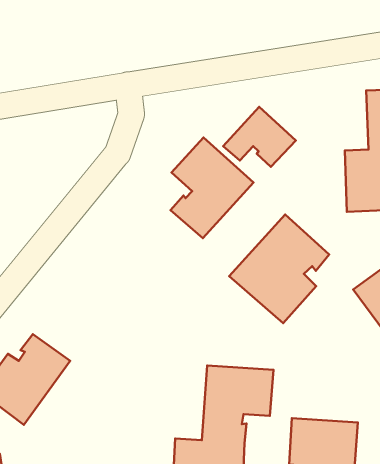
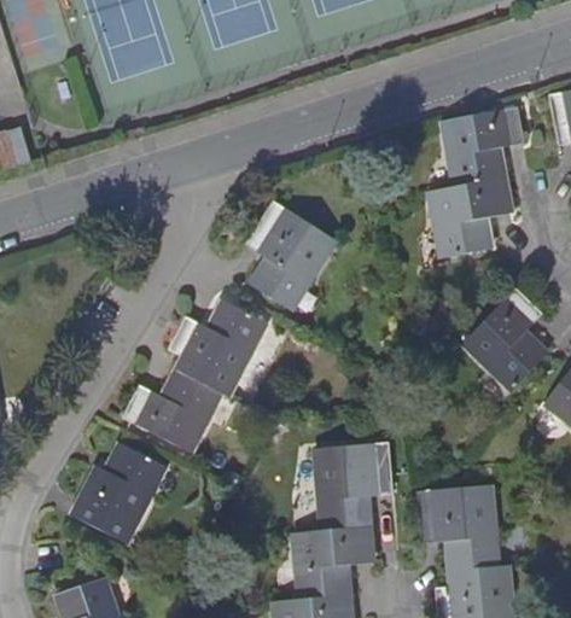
building: [223,107,296,167] -> none
building: [229,215,329,323] -> none
building: none -> [124,301,267,451]

